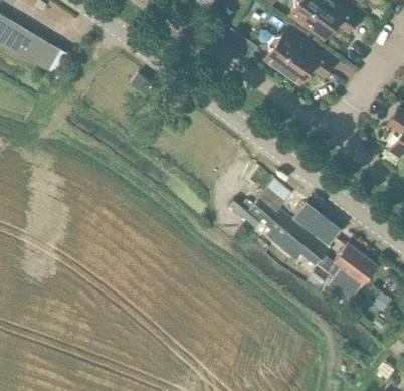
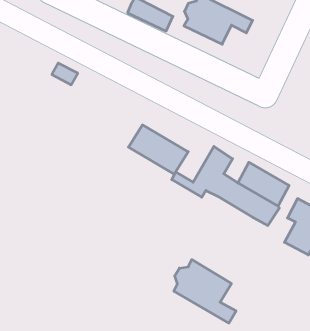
building: none -> [128,125,188,174]
building: none -> [174,260,236,323]

